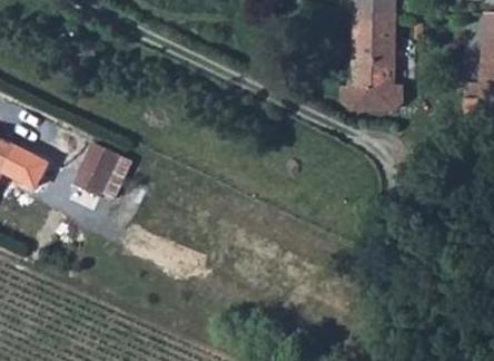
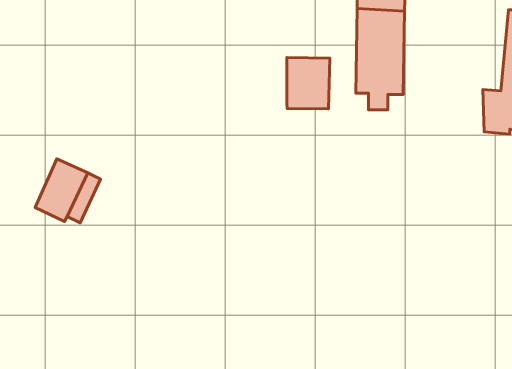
building: none -> [287,57,330,109]

